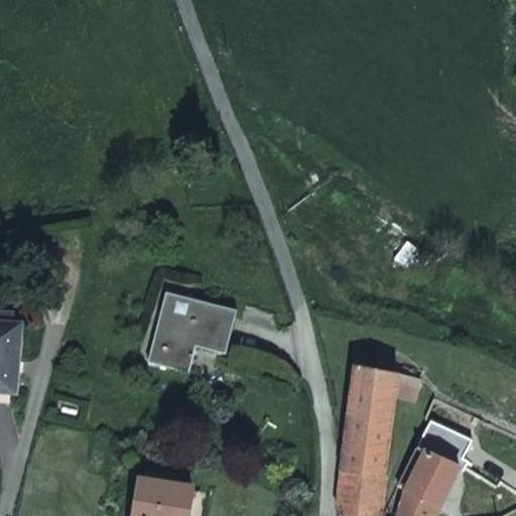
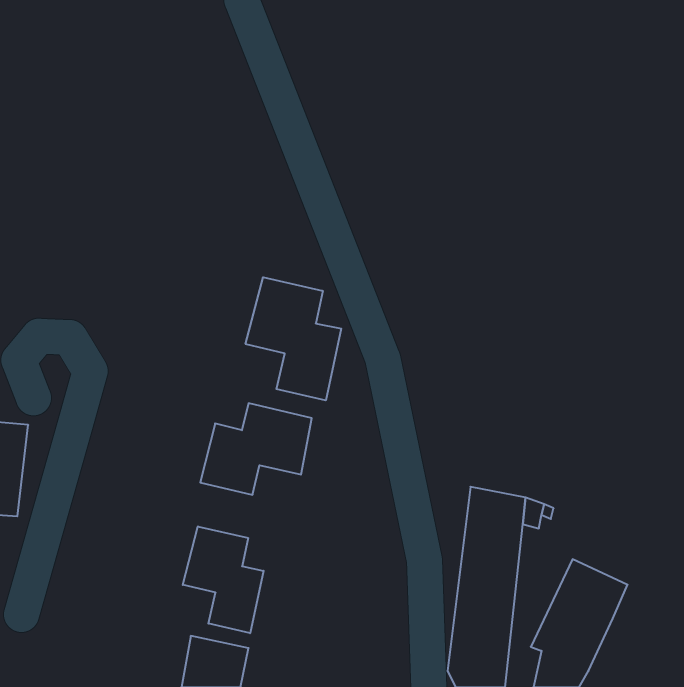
building: none -> [246,277,341,400]
building: none -> [183,526,264,633]

